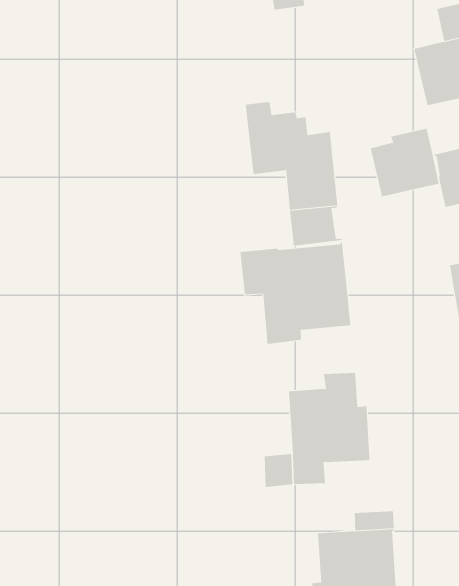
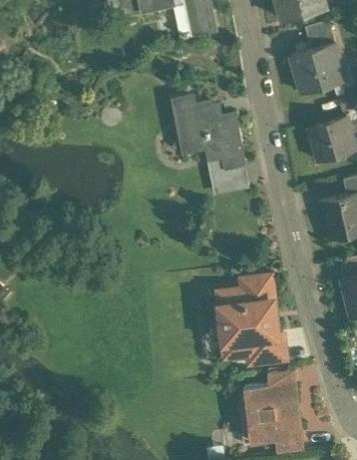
building: [370,128,439,197] -> none
building: [240,242,351,345] -> none
building: none -> [245,334,285,363]

